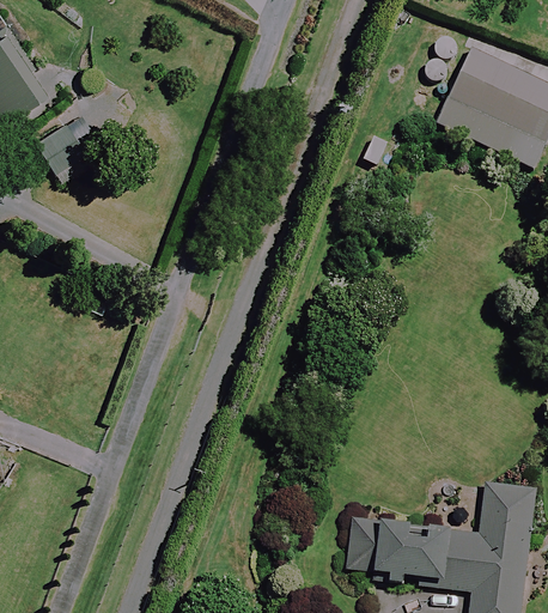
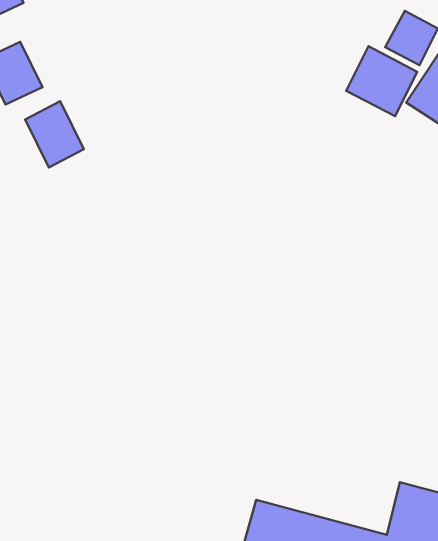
building: none -> [346,46,417,116]
building: none -> [25,101,84,167]

